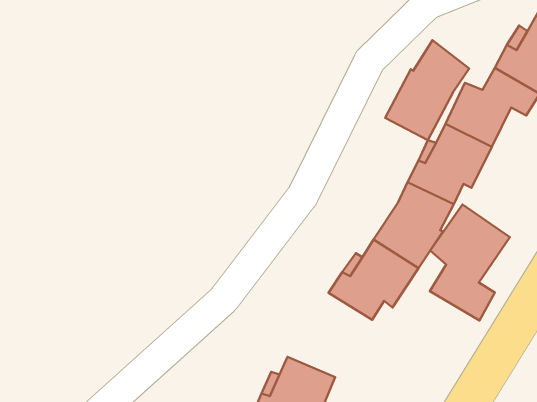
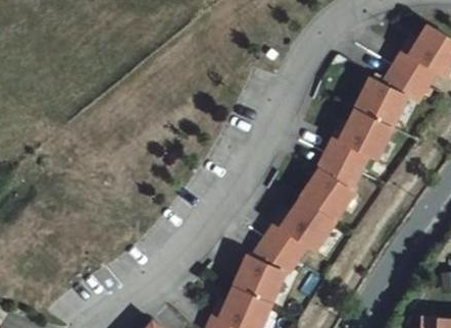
building: [385,40,469,140] -> none
building: [430,205,510,321] -> none
building: none -> [238,234,301,297]

